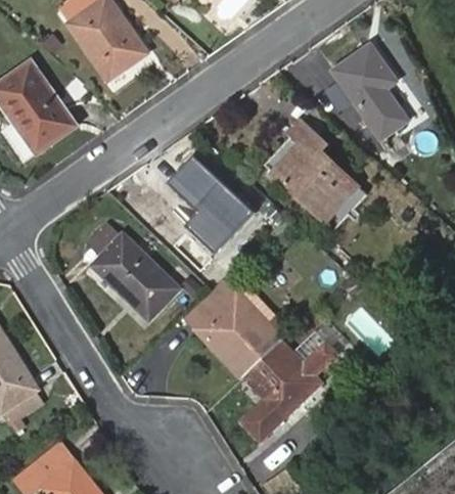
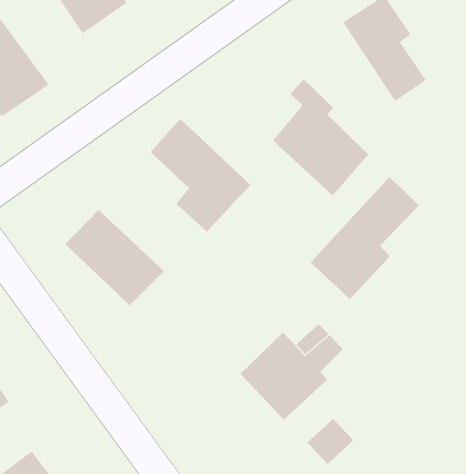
building: none -> [310,176,419,300]
building: [196,291,282,377] -> none
building: [241,399,283,440] -> [306,418,354,465]

